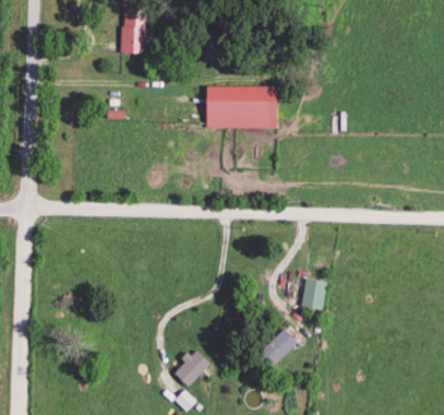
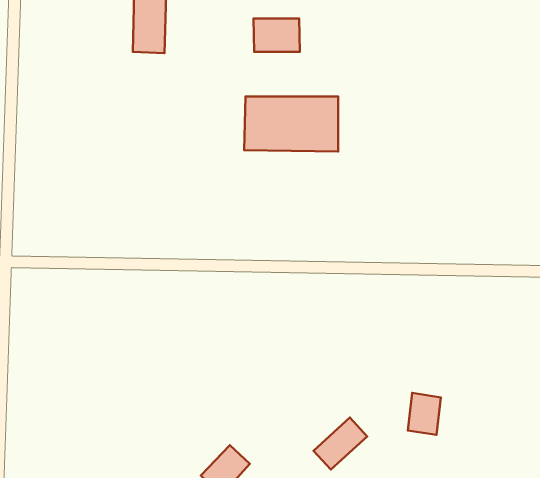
building: none -> [254,19,300,52]
building: [301,278,326,310] -> [408,393,441,435]

